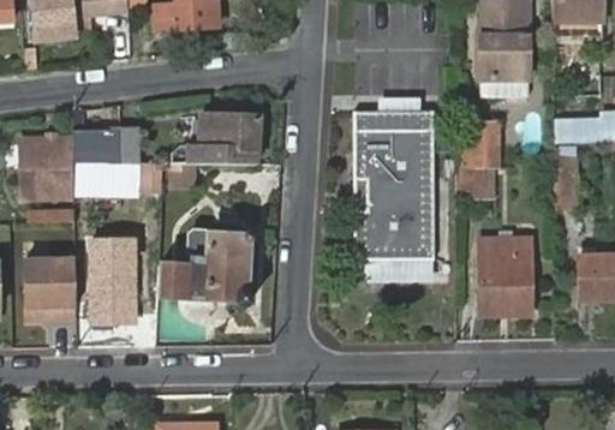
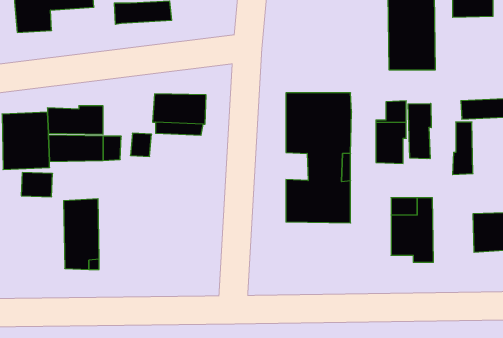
building: none -> [408,103,431,159]
building: [156,234,252,305] -> none
building: [24,255,78,322] -> none

